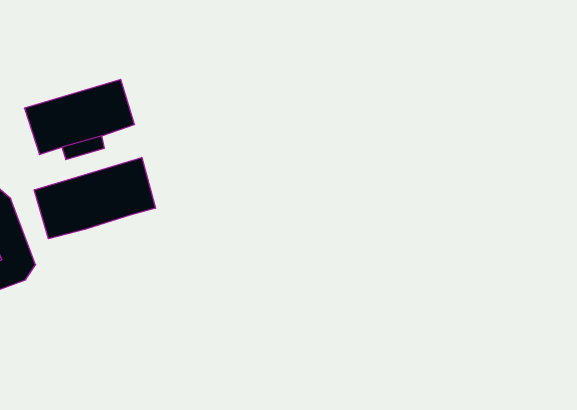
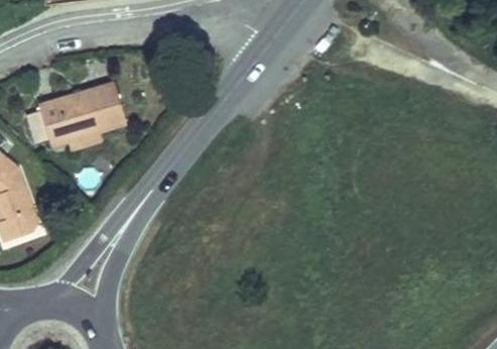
building: [34,157,156,239] -> none

